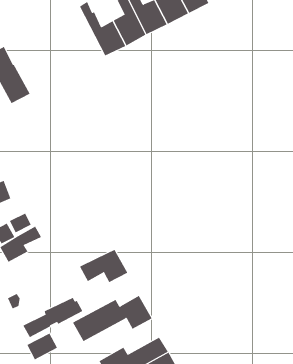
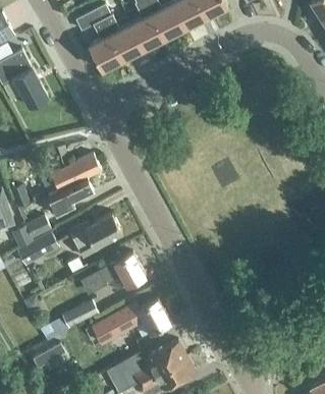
building: none -> [75,9,122,70]
building: none -> [41,154,101,218]
building: none -> [68,213,122,258]

